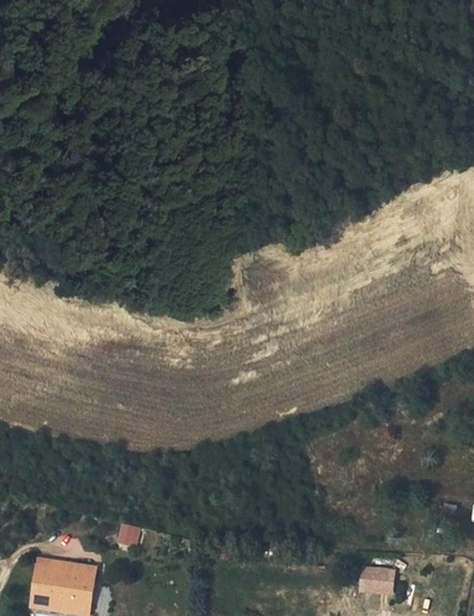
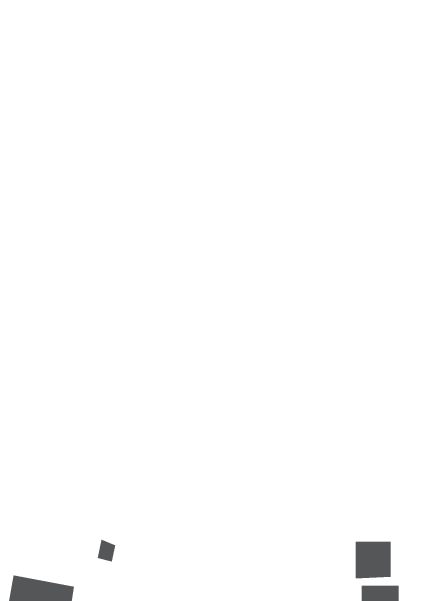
building: none -> [355,541,391,579]

